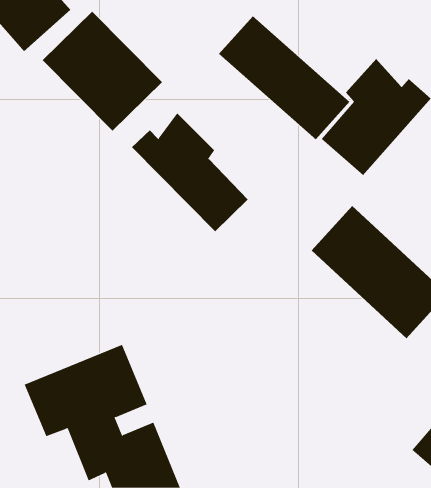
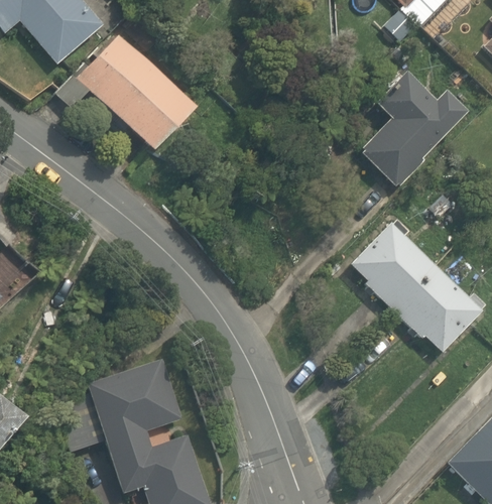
building: [218,16,350,140] -> none
building: [131,113,249,232] -> none

